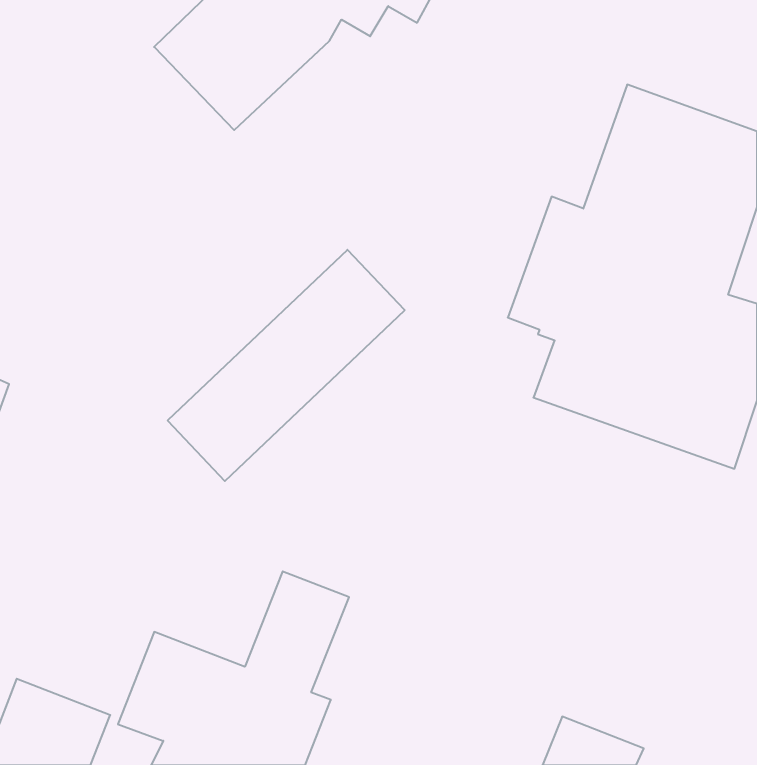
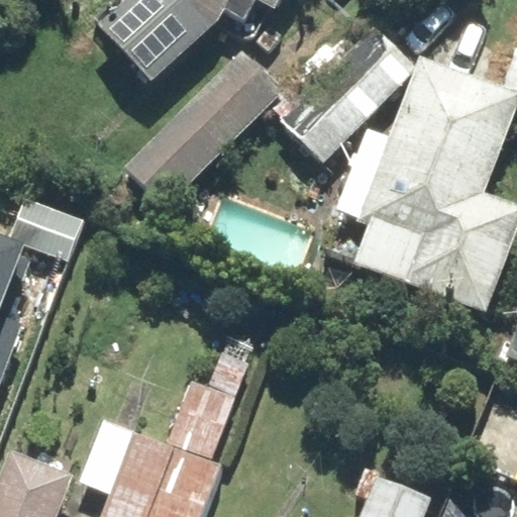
building: none -> [279,24,414,156]
building: [168,250,405,481] -> [123,54,282,208]

